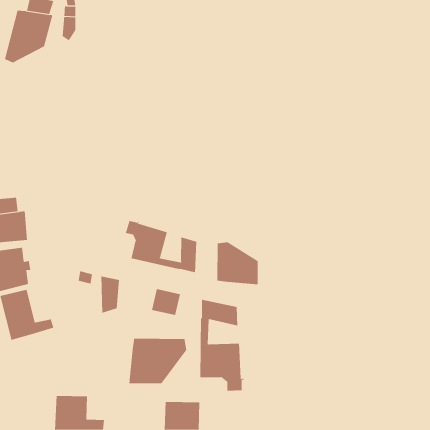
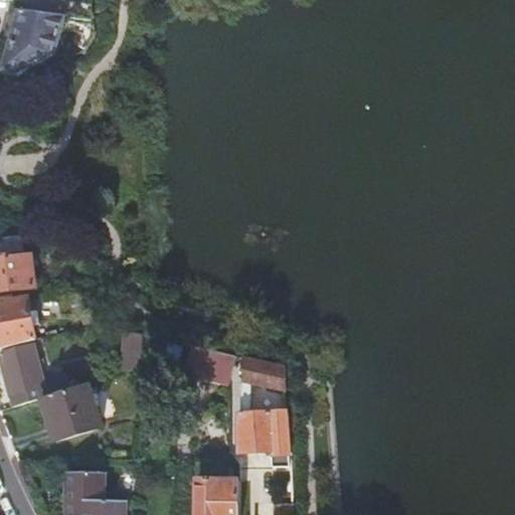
building: [125,220,197,273] -> none
building: [217,241,258,285] -> none
building: none -> [41,384,101,442]
building: [129,338,187,384] -> none

